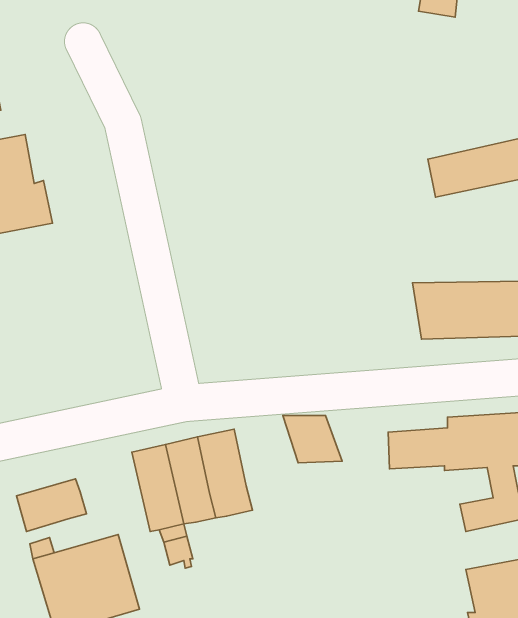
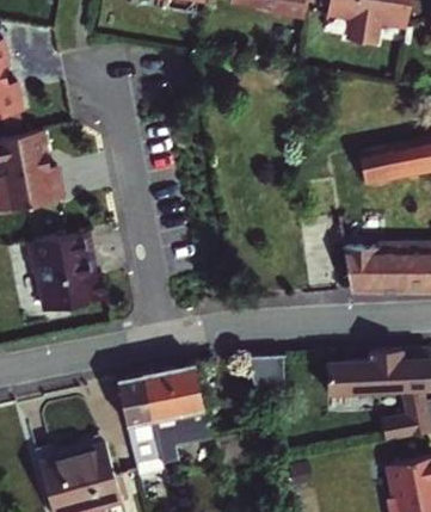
building: none -> [27,233,105,313]
building: [17,479,87,532] -> none

